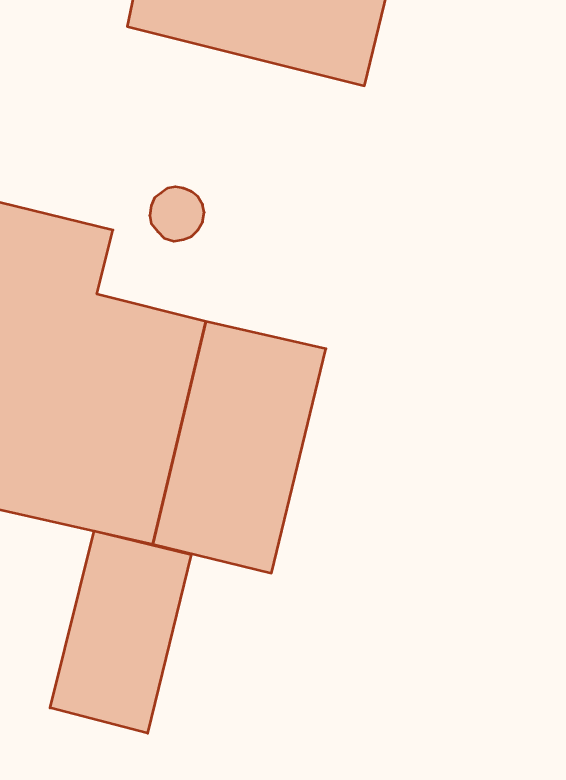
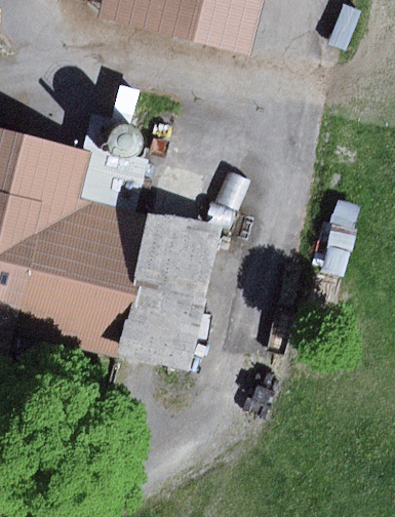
building: [50,531,191,733] -> none

